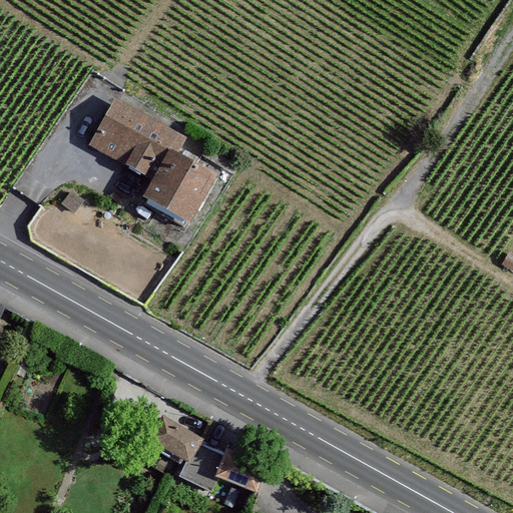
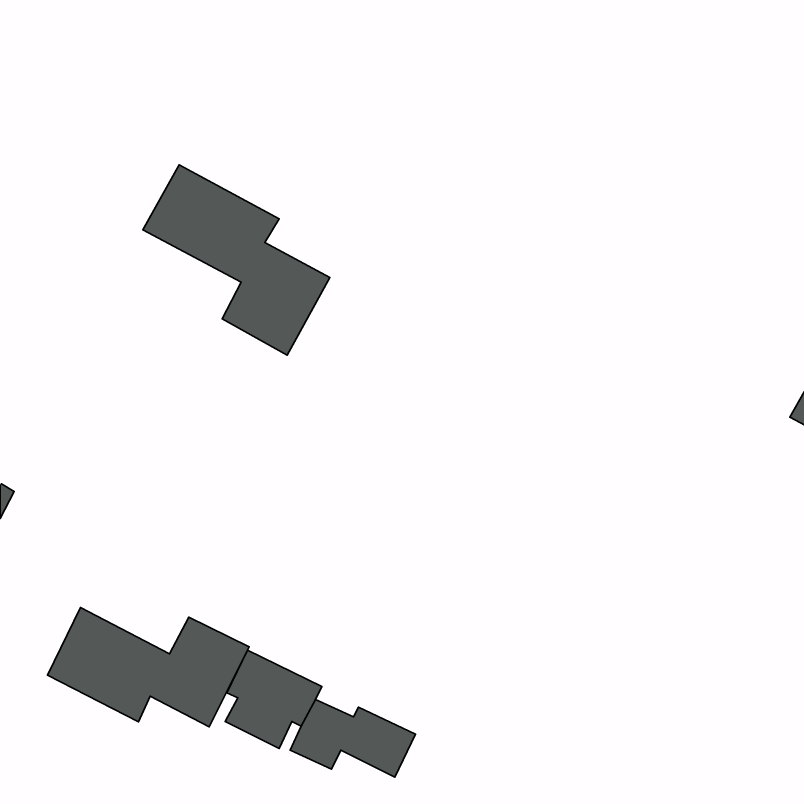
building: none -> [47,608,249,727]

